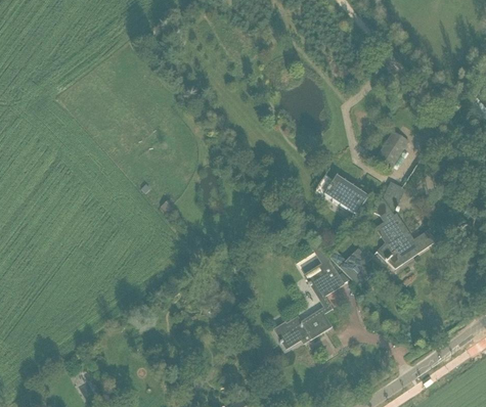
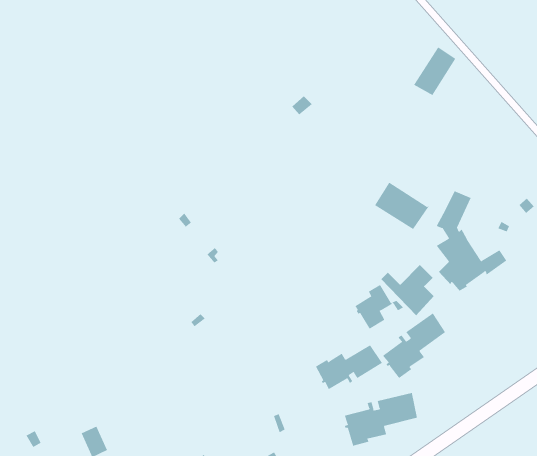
building: [373,130,409,171] -> [413,47,456,96]
building: none -> [382,313,446,379]
building: none -> [344,392,418,446]

